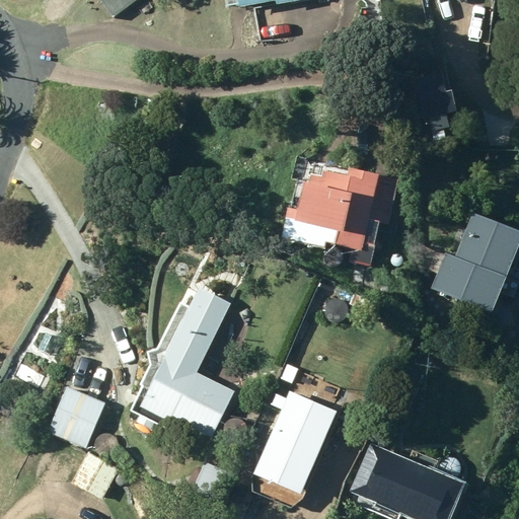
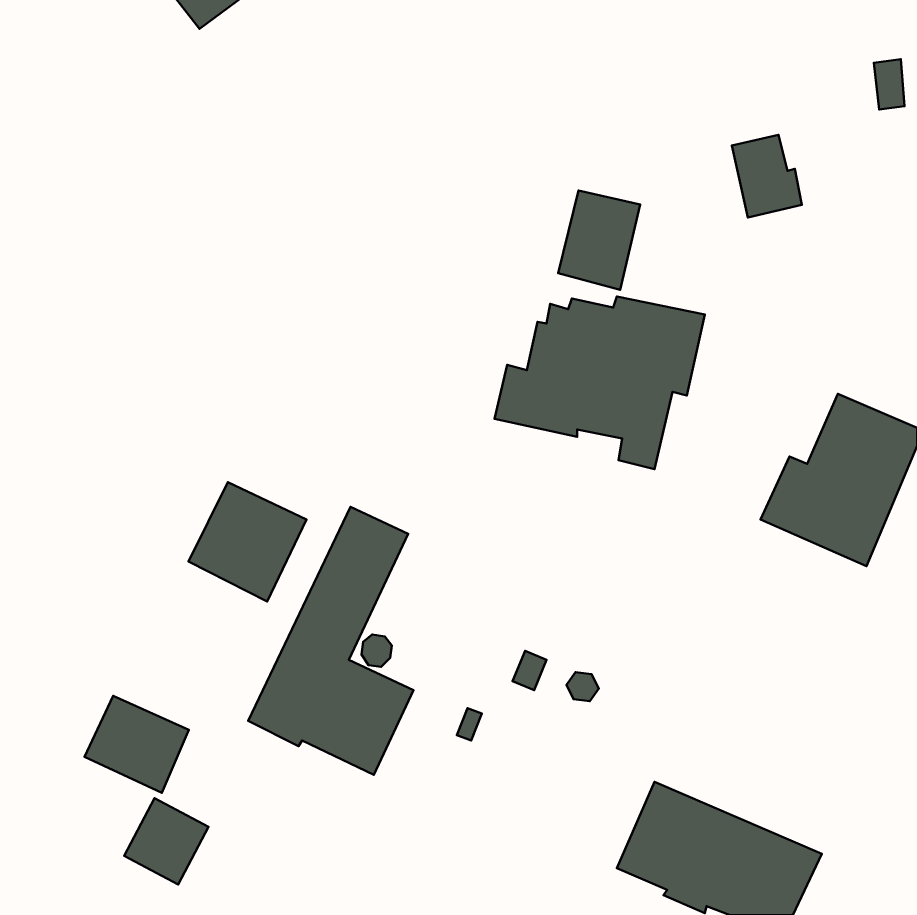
building: none -> [558,190,640,290]
building: none -> [189,482,306,602]
building: [250,390,337,507] -> none

